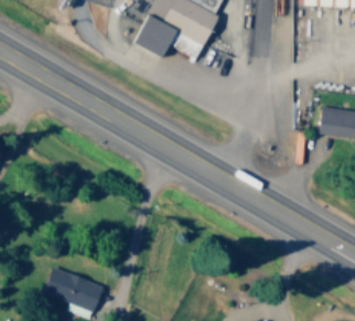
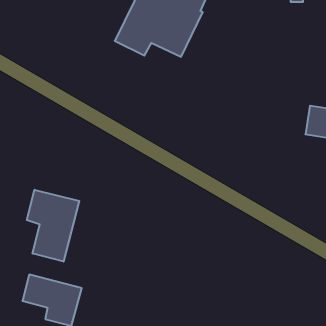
building: none -> [27,190,79,262]

